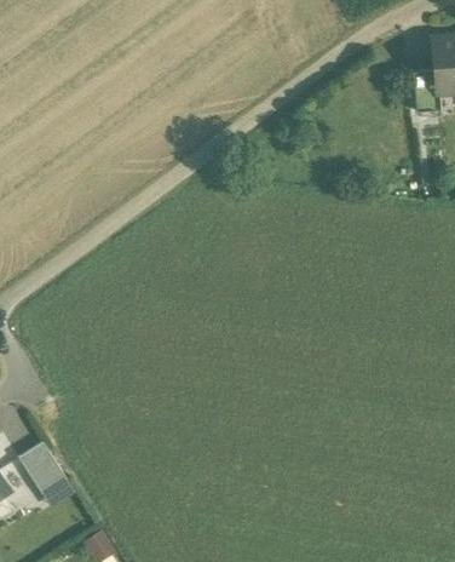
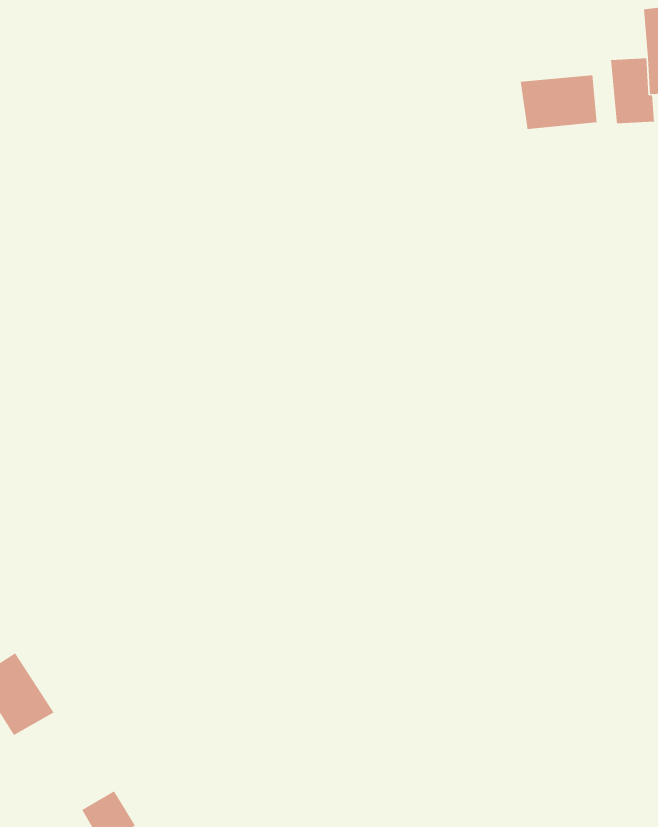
building: none -> [520,74,597,130]

